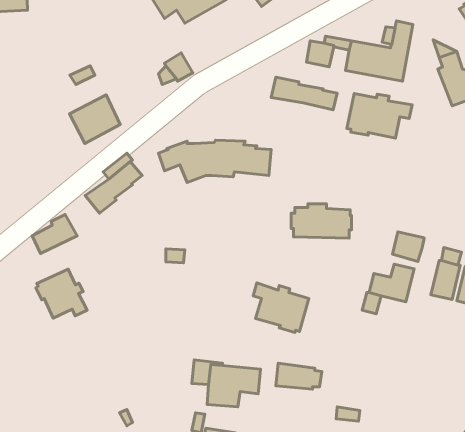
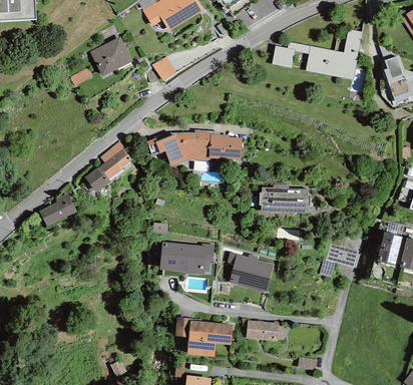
building: [271,77,337,110] -> none
building: [347,93,412,138] -> none
building: [69,95,120,143] -> [89,35,132,76]
building: [392,232,424,262] -> none
building: [36,269,87,318] -> none
building: none -> [159,242,215,274]

